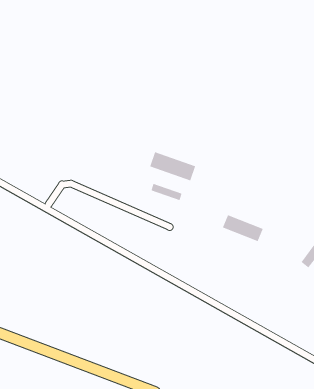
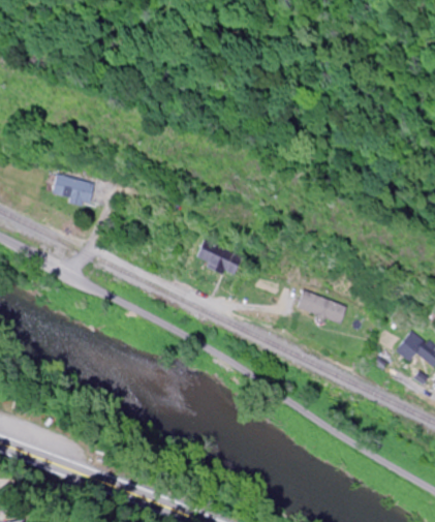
building: none -> [60,179,99,198]
building: [149,151,196,182] -> none

